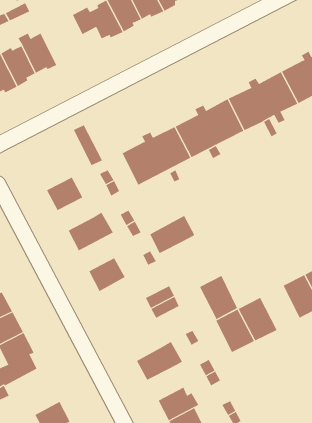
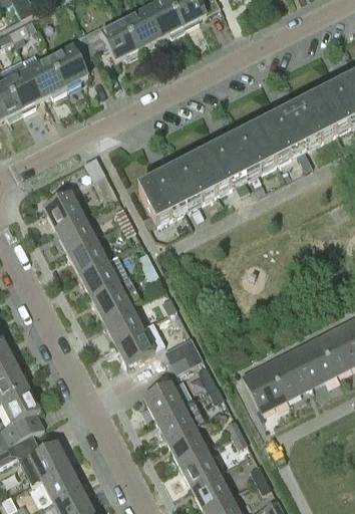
building: none -> [48,33,94,89]
building: none -> [42,192,83,229]
building: none -> [66,237,106,274]
building: [149,215,195,254] -> [90,276,141,319]
building: [199,275,238,320] -> [293,335,336,386]
building: none -> [113,326,154,365]
building: none -> [142,380,184,420]
building: none -> [166,427,208,464]
building: none -> [29,442,69,480]

